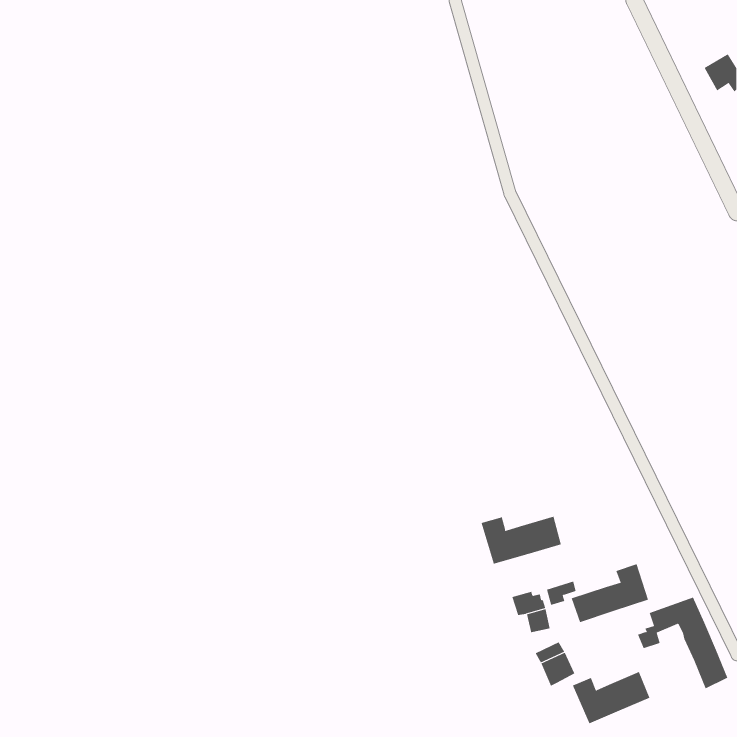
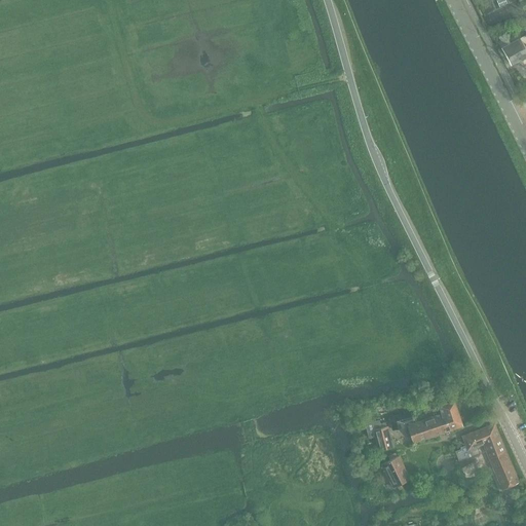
building: [481,516,562,564] -> none
building: [572,671,650,724] -> none

